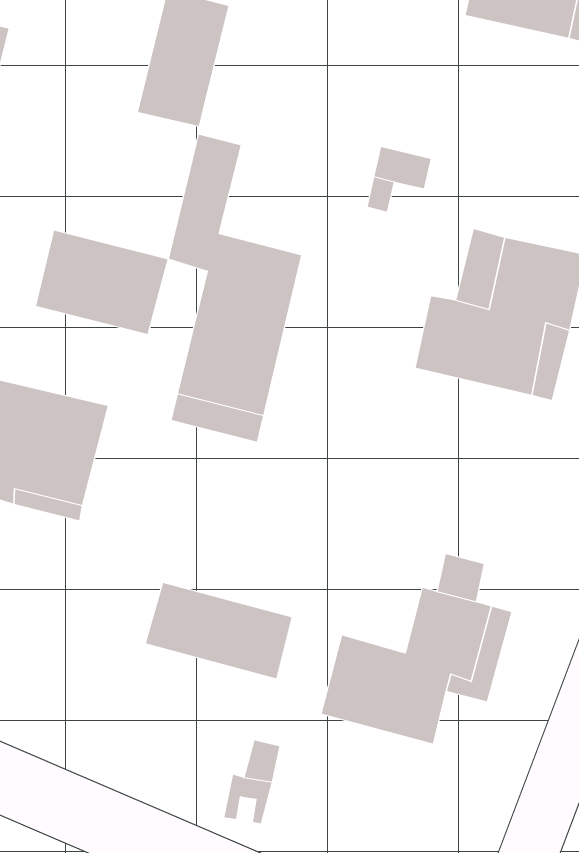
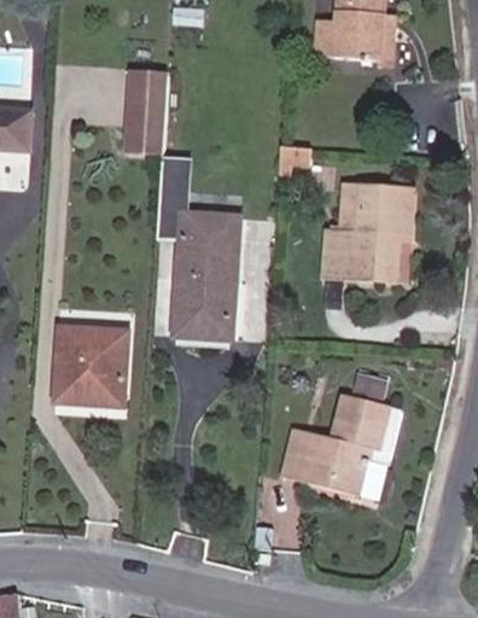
building: [35,230,168,335] -> none
building: [145,582,292,679] -> none

